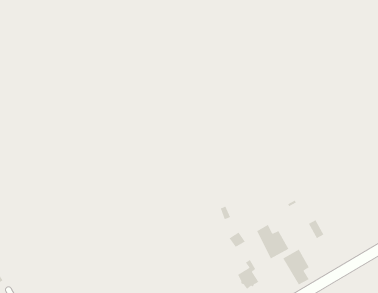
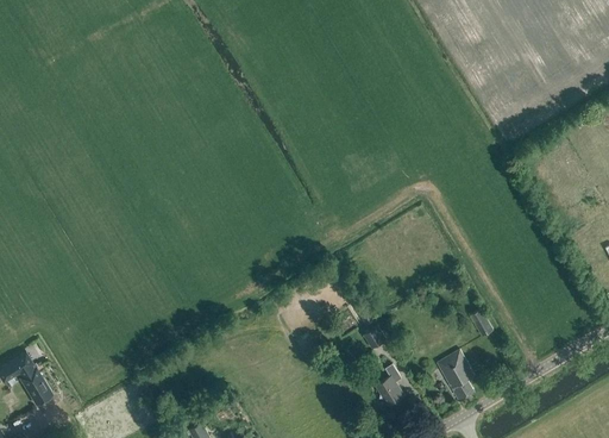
building: [256,224,290,260] -> none

